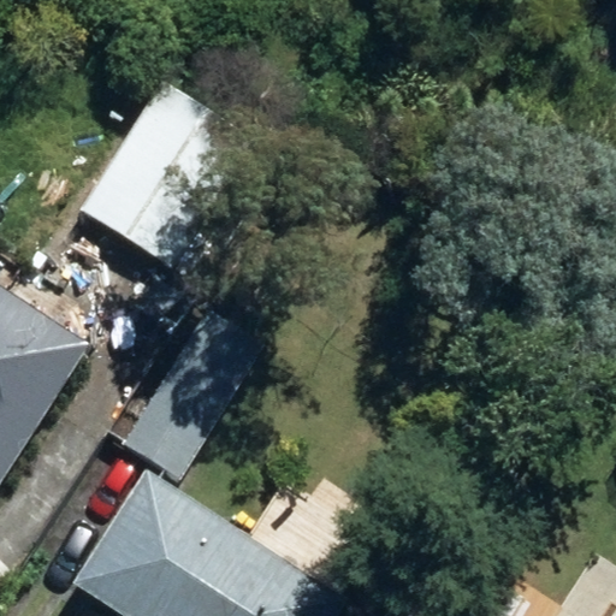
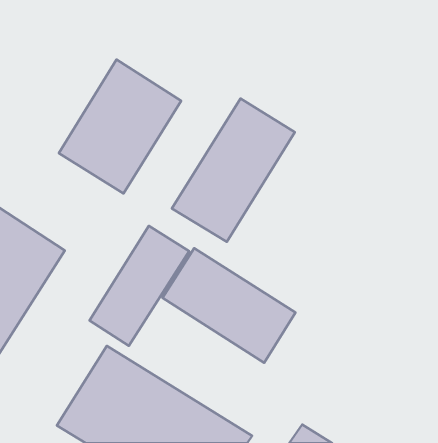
building: none -> [172,99,295,242]
building: none -> [163,248,295,363]

